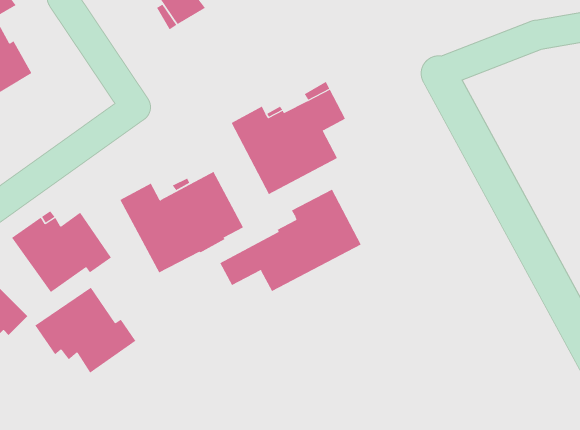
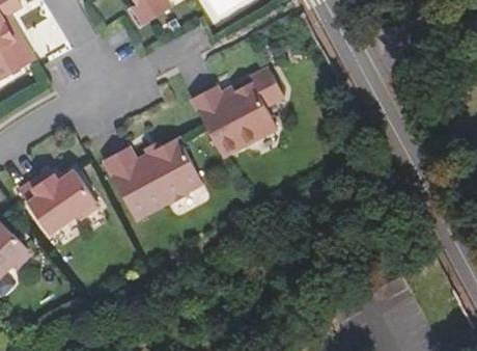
building: [219,189,362,292] -> none
building: [34,287,136,373] -> none

